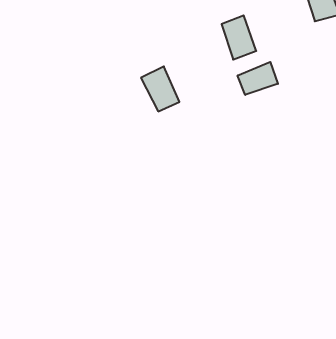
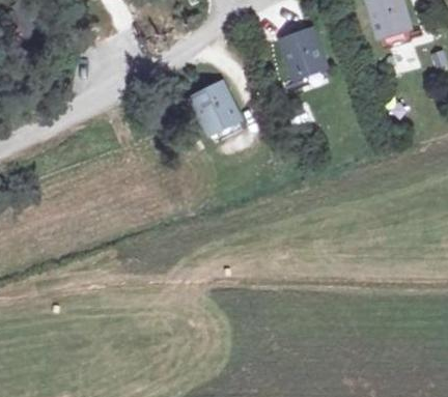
building: [238,62,278,95] -> none

